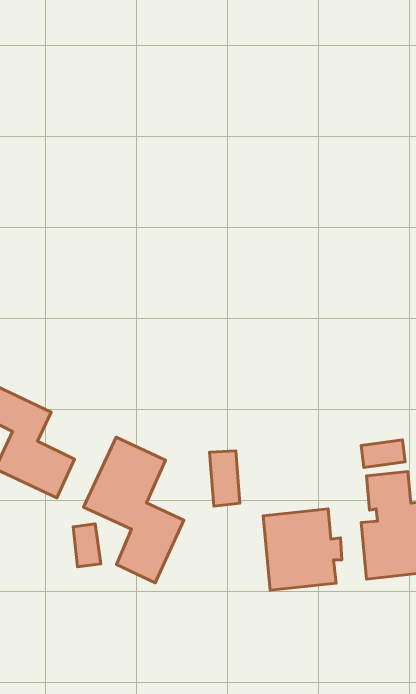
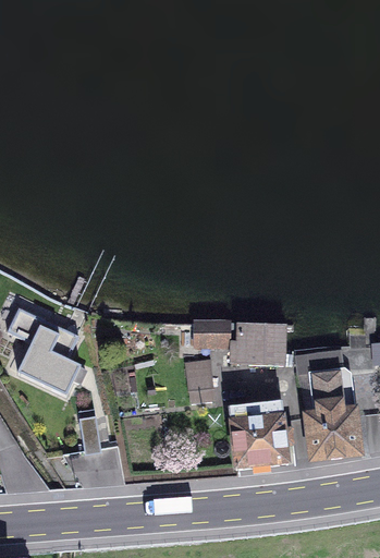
building: none -> [193,323,284,364]
building: [83,437,184,583] -> none

